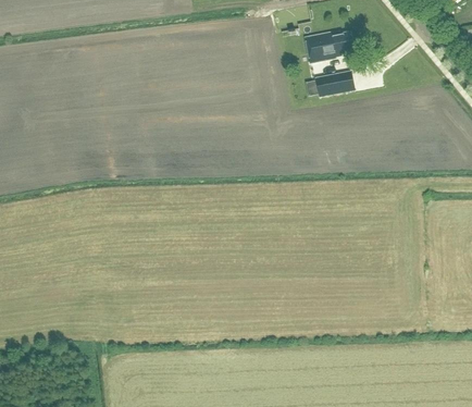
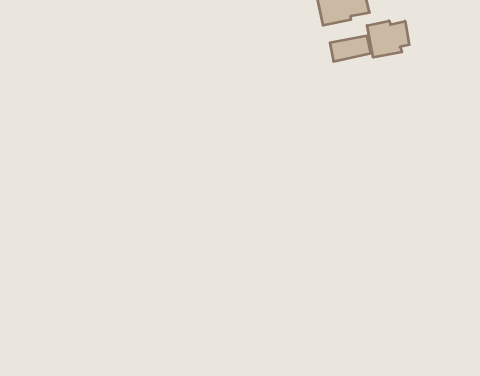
building: none -> [367,21,409,57]

